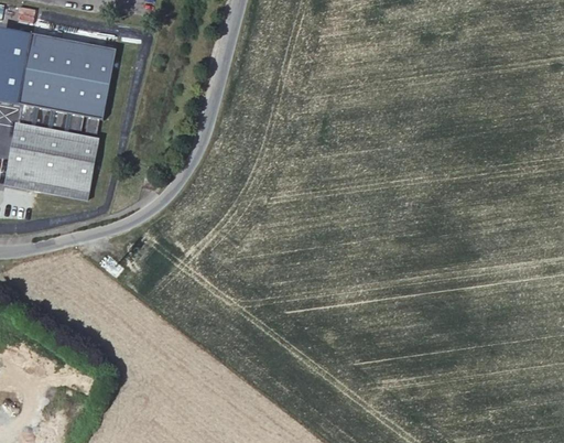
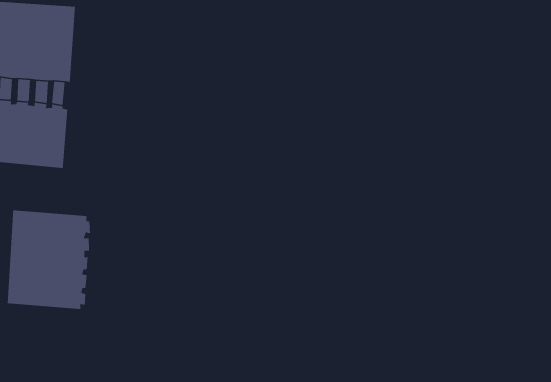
building: none -> [7,209,91,310]

